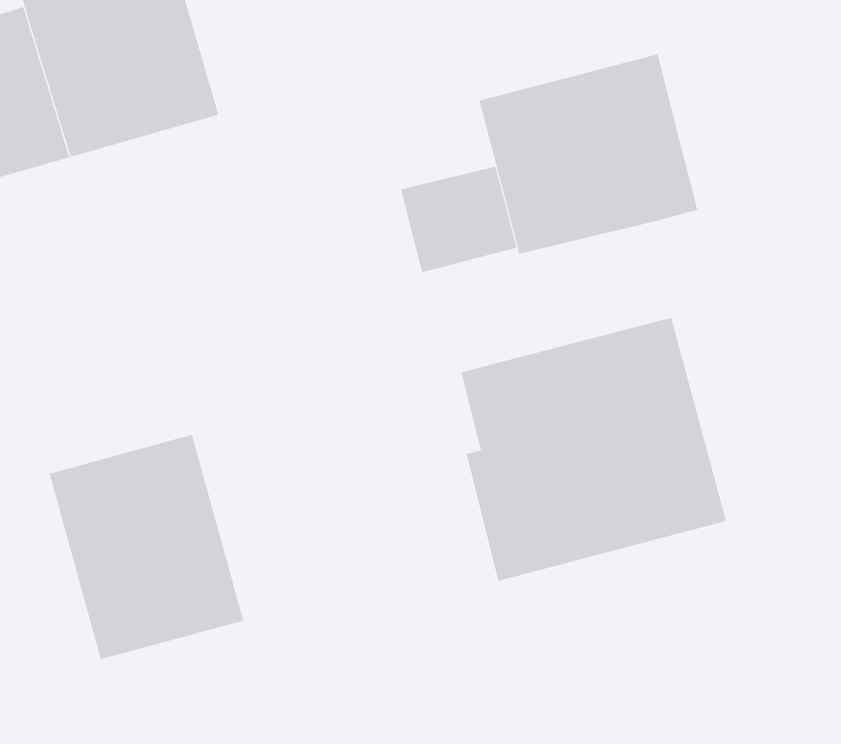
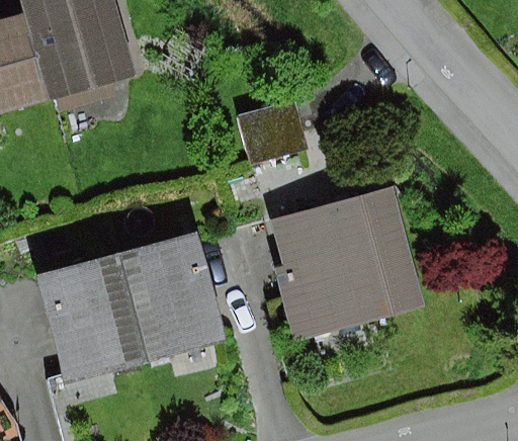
building: [479,54,698,255] -> none
building: none -> [119,235,226,361]

